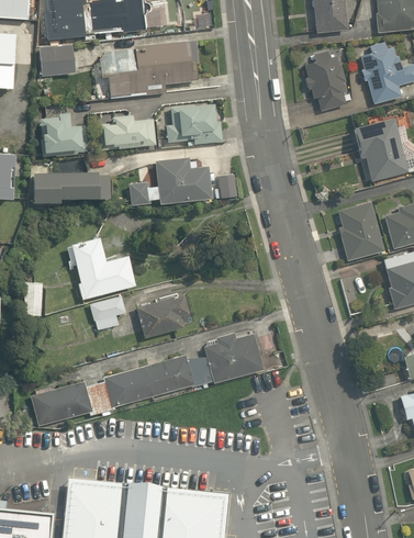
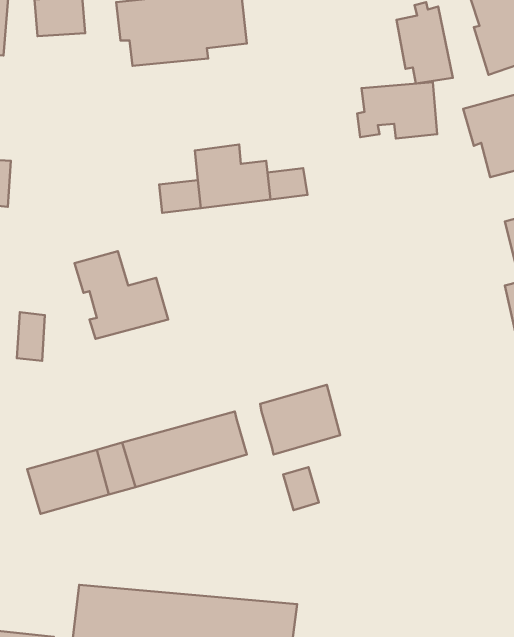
building: [165,103,224,145] -> [357,82,437,139]
building: [102,112,158,149] -> none
building: [40,114,85,152] -> none
building: [32,161,110,203] -> none
building: [338,201,384,261] -> none
building: [89,293,125,330] -> none
building: [137,294,190,338] -> none
building: [186,354,212,385] -> [283,467,319,510]

